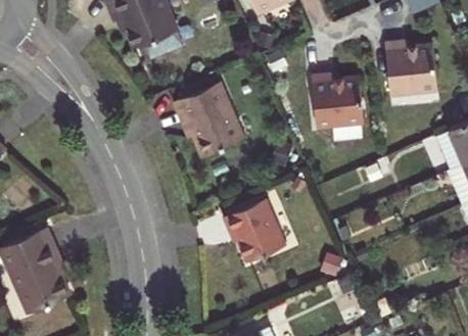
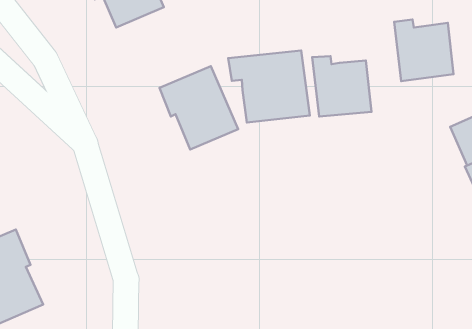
building: none -> [228,50,310,123]
building: [223,200,285,263] -> none

